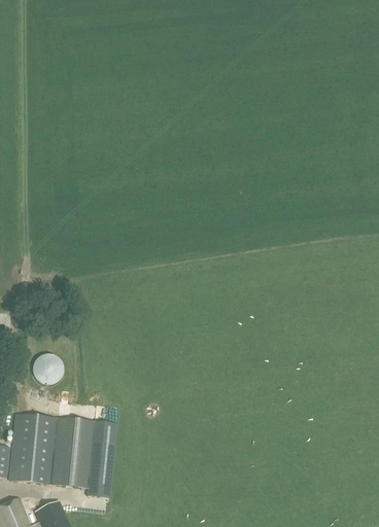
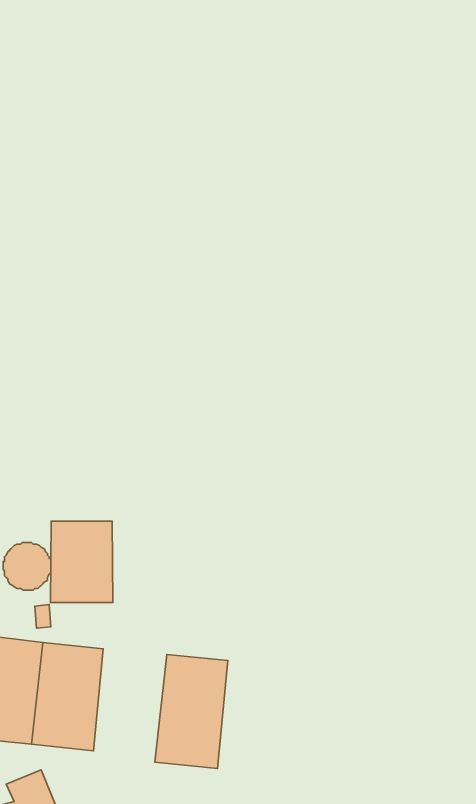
building: none -> [50,521,113,602]
building: none -> [155,655,228,768]

